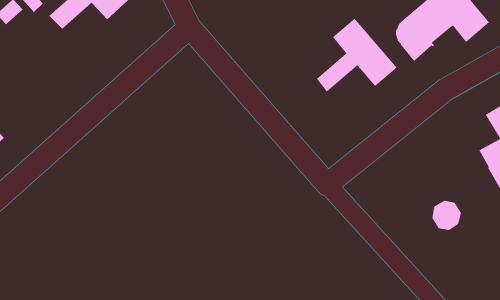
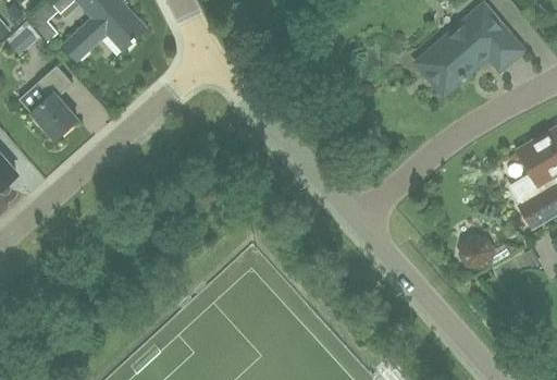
building: [316,18,398,93] -> none
building: none -> [18,65,77,139]

